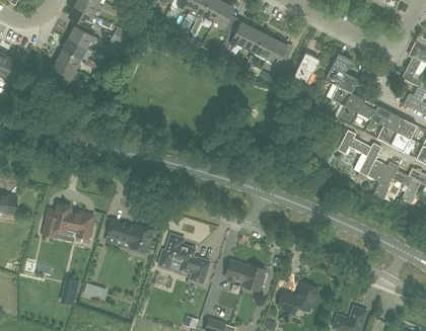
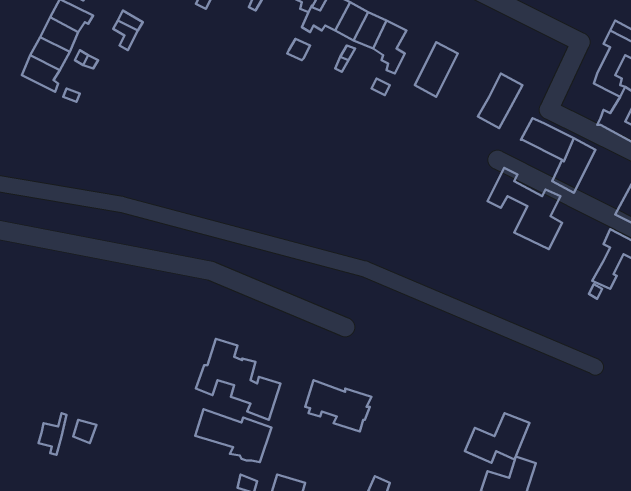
building: [325,53,351,86] -> none
building: [338,92,364,126] -> none
building: [389,118,416,152] -> none
building: [372,161,412,199] -> none
building: [43,204,93,238] -> none
building: [108,219,154,251] -> [195,409,271,462]
building: [278,282,317,313] -> [465,413,529,463]

